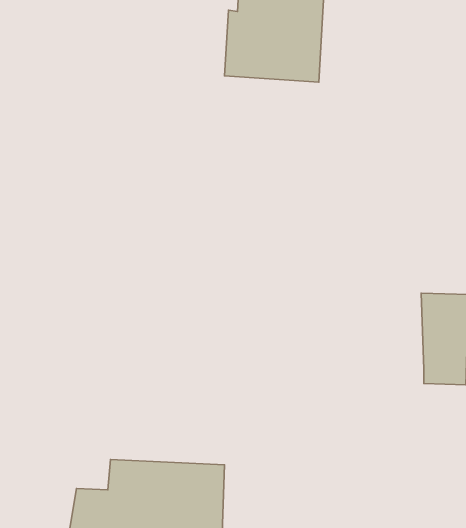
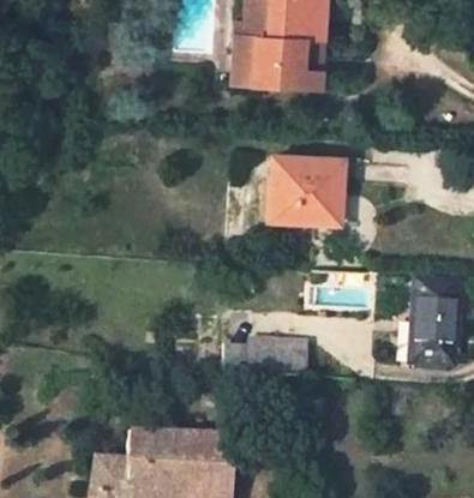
building: none -> [270,156,341,220]
building: none -> [226,340,308,376]

